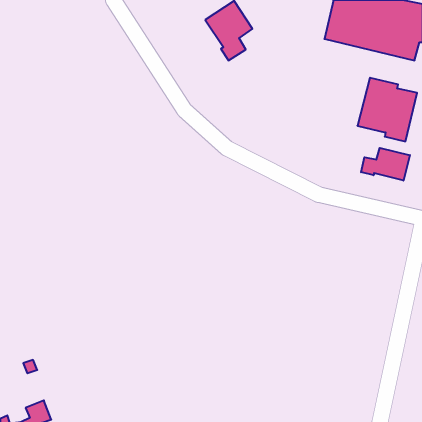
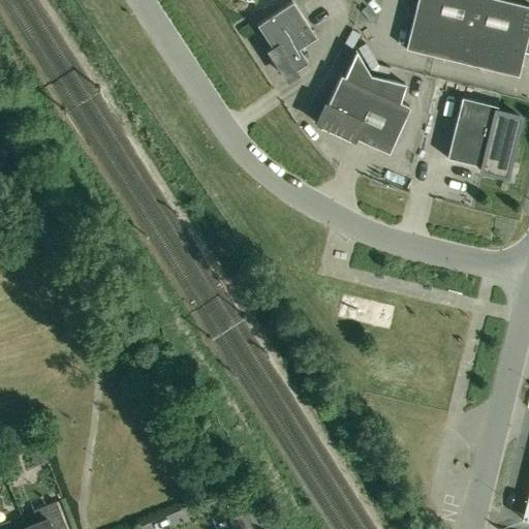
building: none -> [317,52,411,154]
building: [361,148,410,181] -> none

